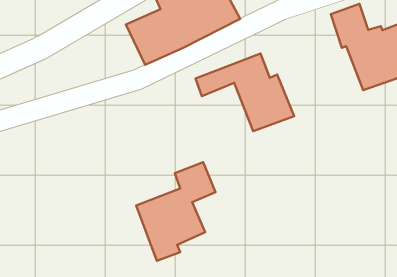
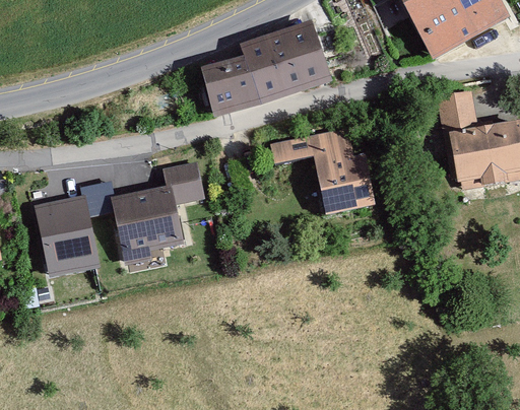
building: none -> [34,193,101,276]
building: [136,162,215,261] -> [111,159,204,263]

